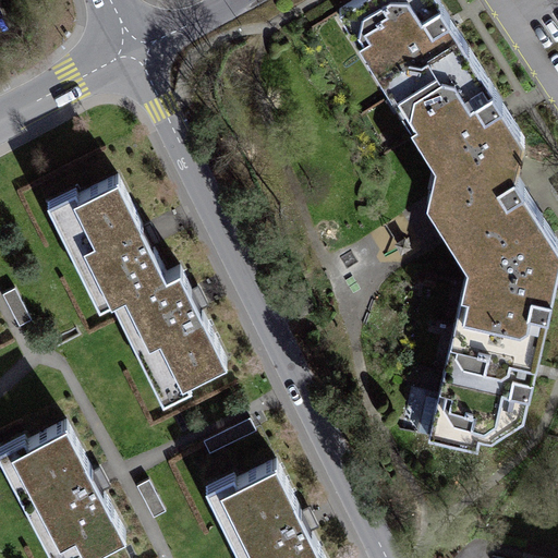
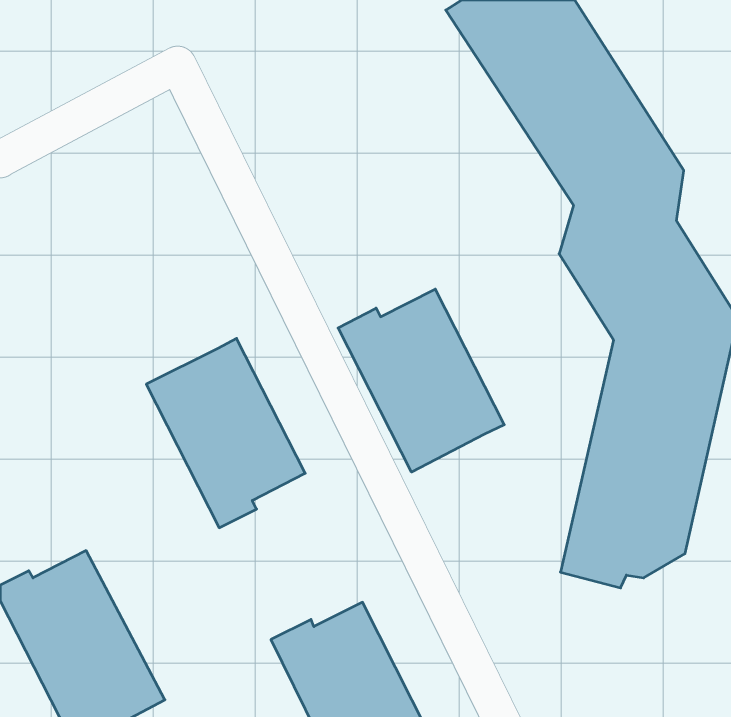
building: [43,180,167,313] -> none
building: none -> [338,289,504,472]

